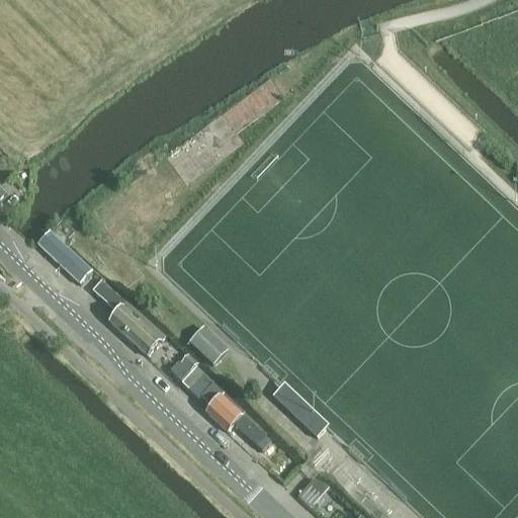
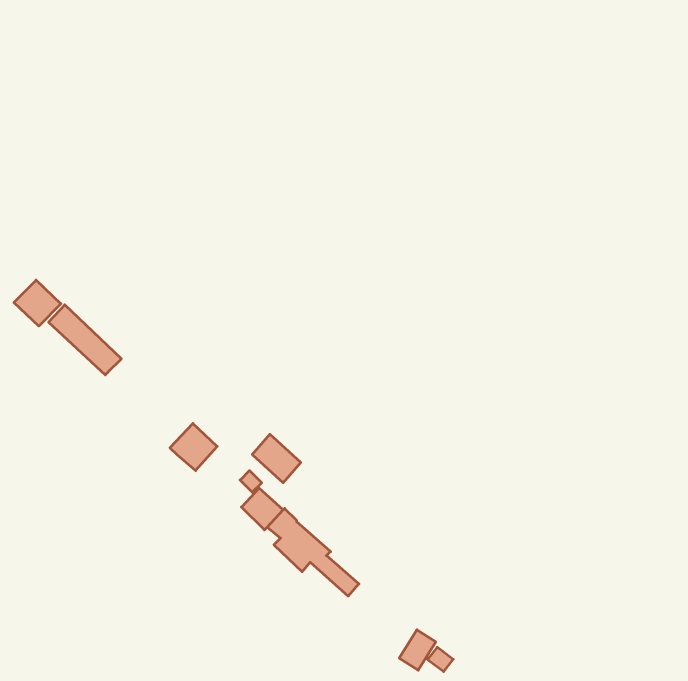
building: none -> [14,280,61,326]
building: [92,278,145,336] -> none
building: [274,381,329,436] -> none

